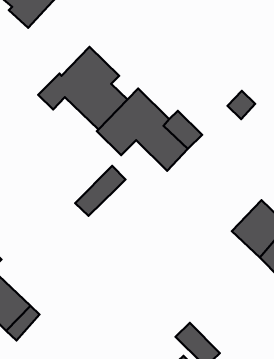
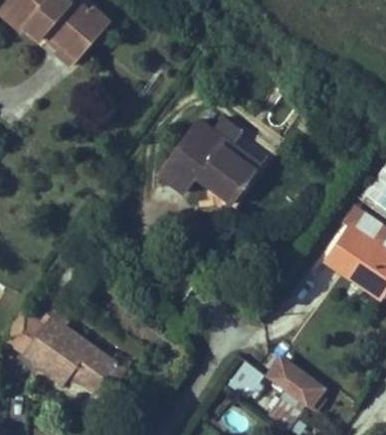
building: [38,47,127,130] -> none
building: [75,166,126,216] -> none
building: none -> [234,358,271,396]

